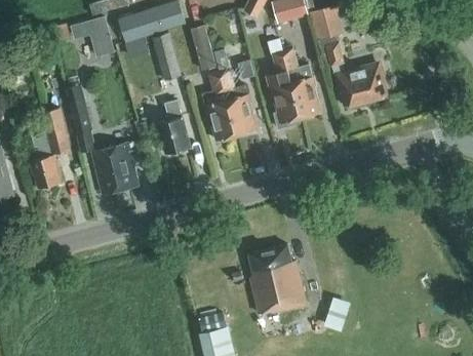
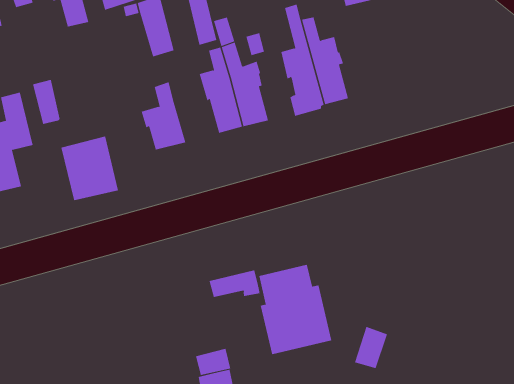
building: [326,42,387,106] -> none
building: none -> [209,270,260,298]

